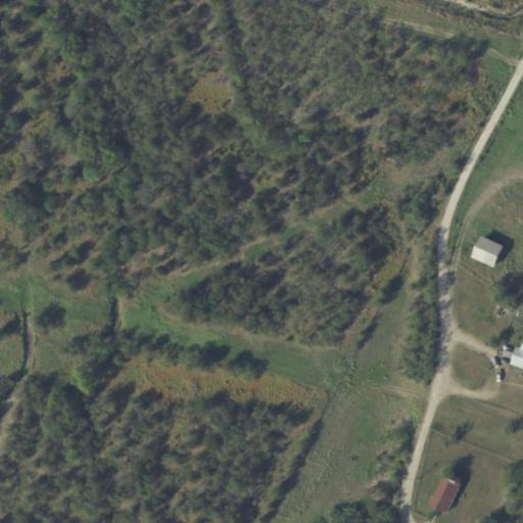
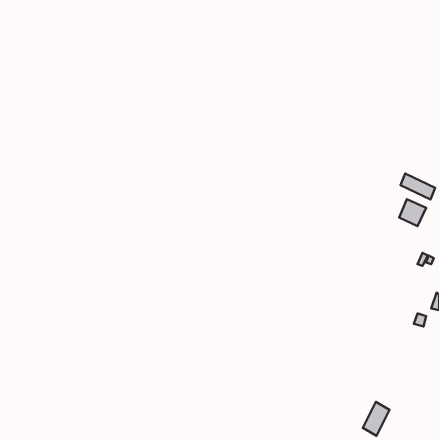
building: none -> [400,173,435,199]

